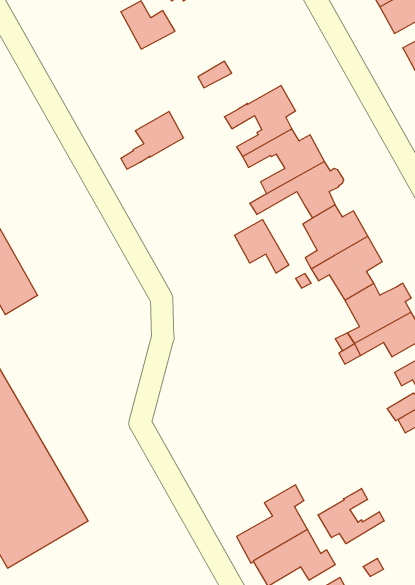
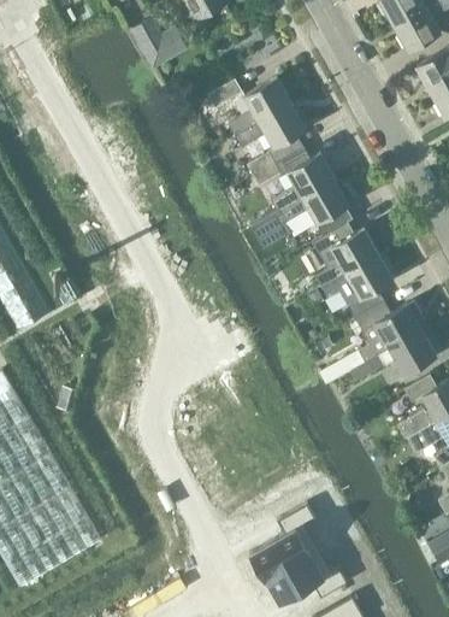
building: [121,111,184,169] -> [230,77,293,135]
building: [235,220,289,273] -> none
building: [318,488,384,544] -> none

